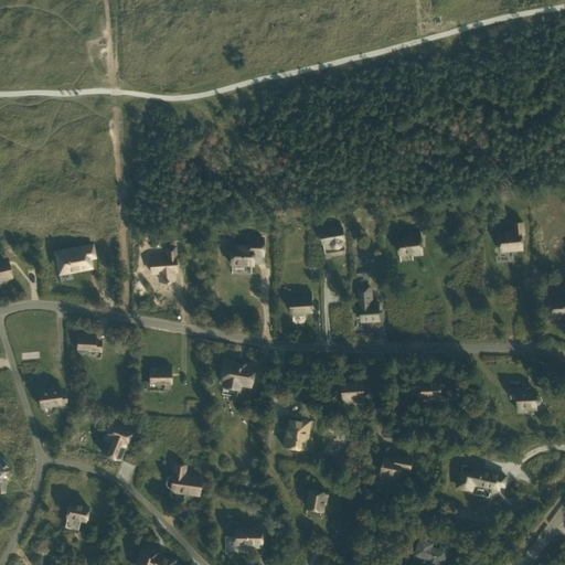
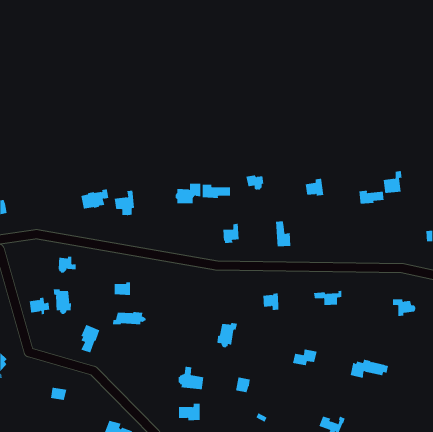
building: none -> [202,184,230,199]
building: [56,247,94,274] -> [80,189,109,209]
building: none -> [359,190,384,204]
building: [221,364,252,391] -> none
building: none -> [53,288,71,315]
building: none -> [112,311,146,325]
building: [166,466,200,497] -> [178,366,204,390]

